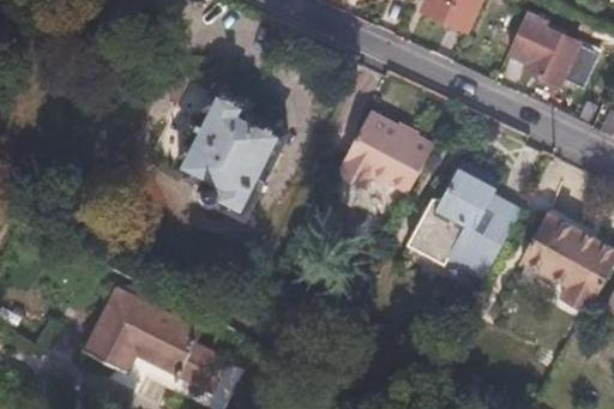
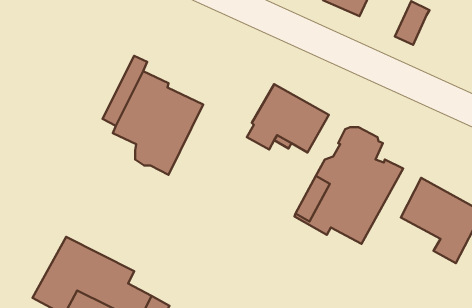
building: [529,26,578,82] -> none

